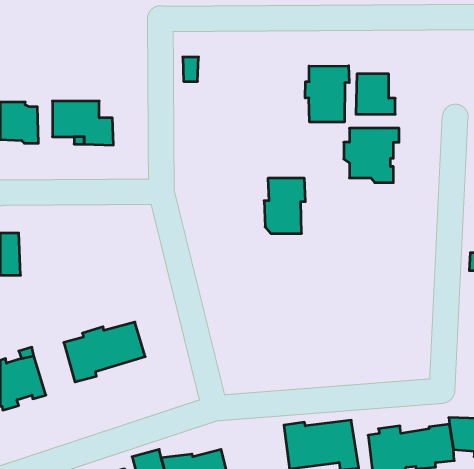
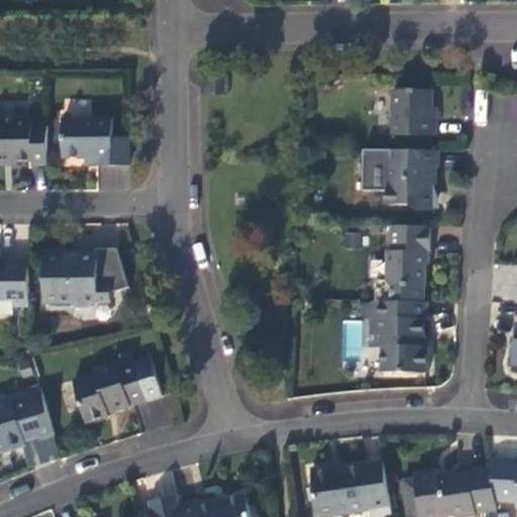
building: [305,66,349,122] -> none
building: [264,178,305,233] -> [382,224,426,284]
building: none -> [40,249,127,308]
building: none -> [368,300,426,371]

